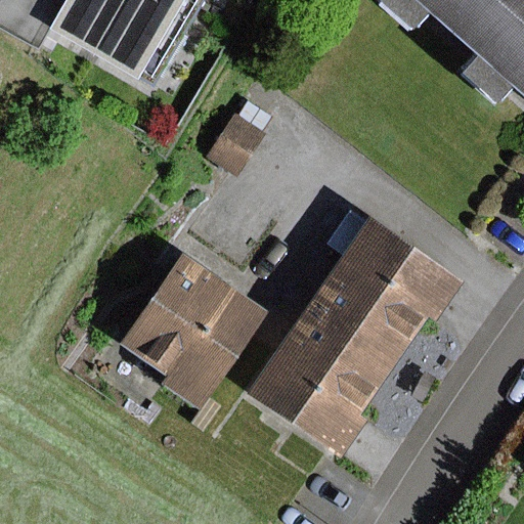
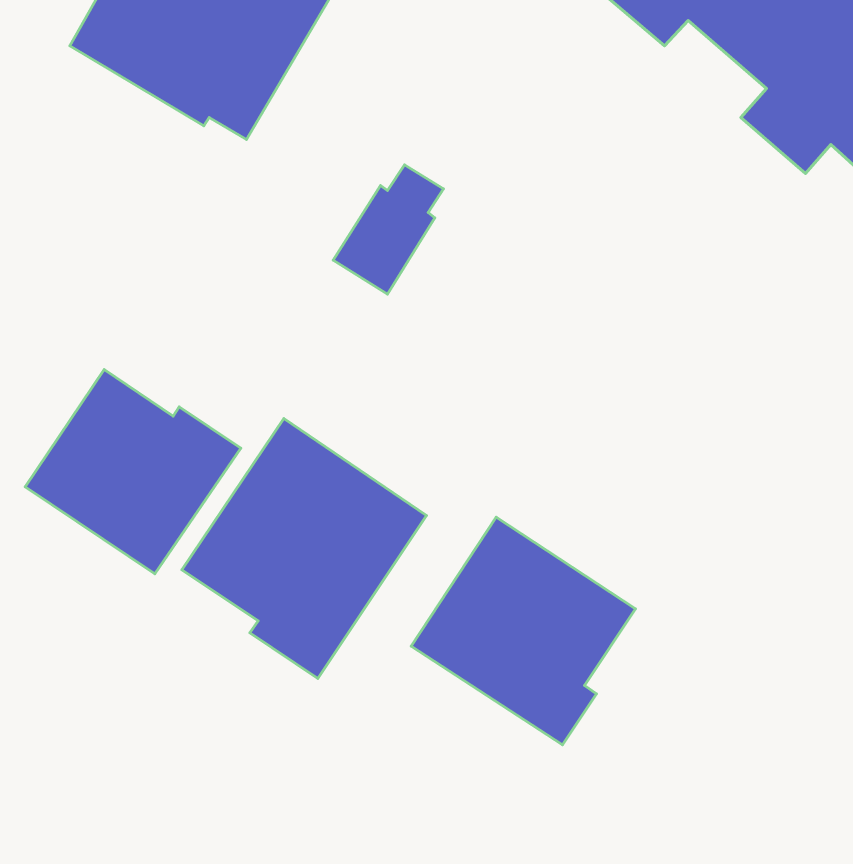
building: [308,208,464,366] -> none
building: none -> [25,369,241,574]

